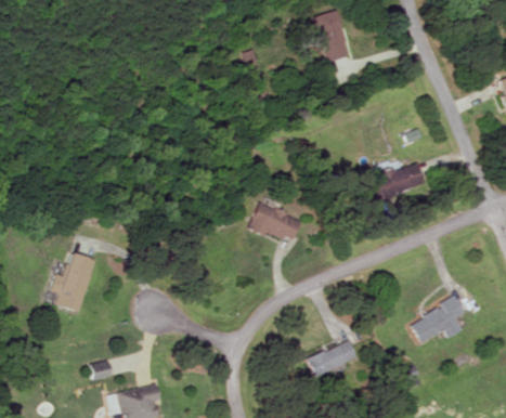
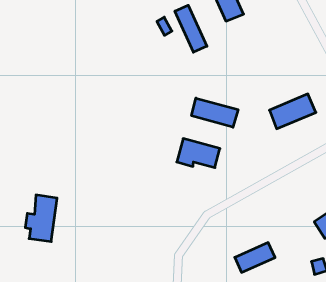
building: none -> [175,5,207,52]
building: none -> [192,98,238,127]

